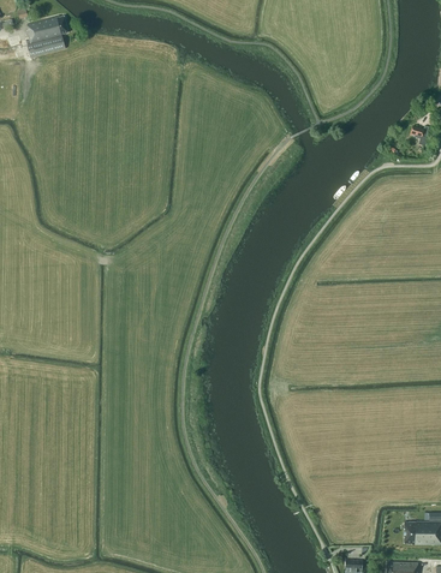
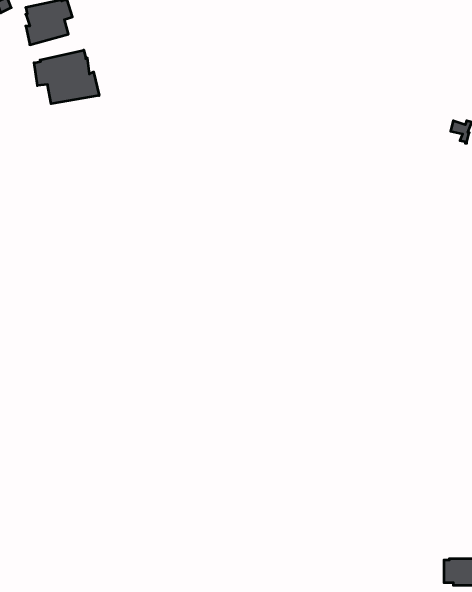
building: none -> [34,50,99,104]

